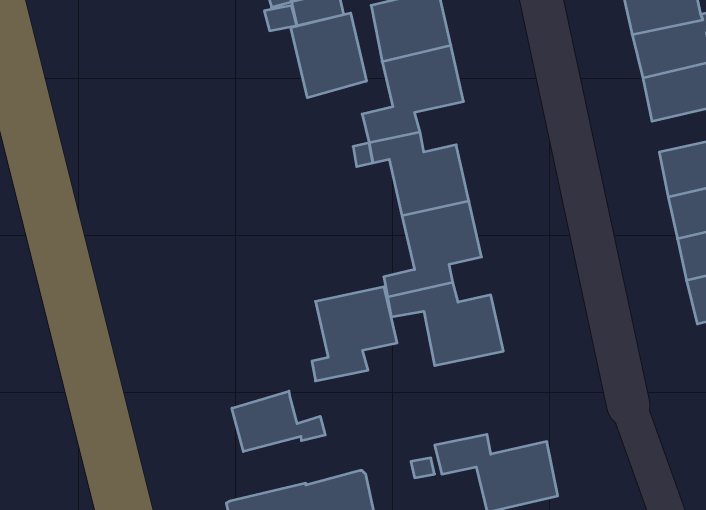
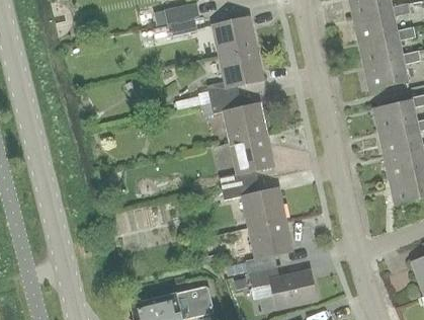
building: [291,13,366,98] -> none
building: [312,287,397,381] -> [246,219,293,271]
building: [232,391,325,452] -> none

